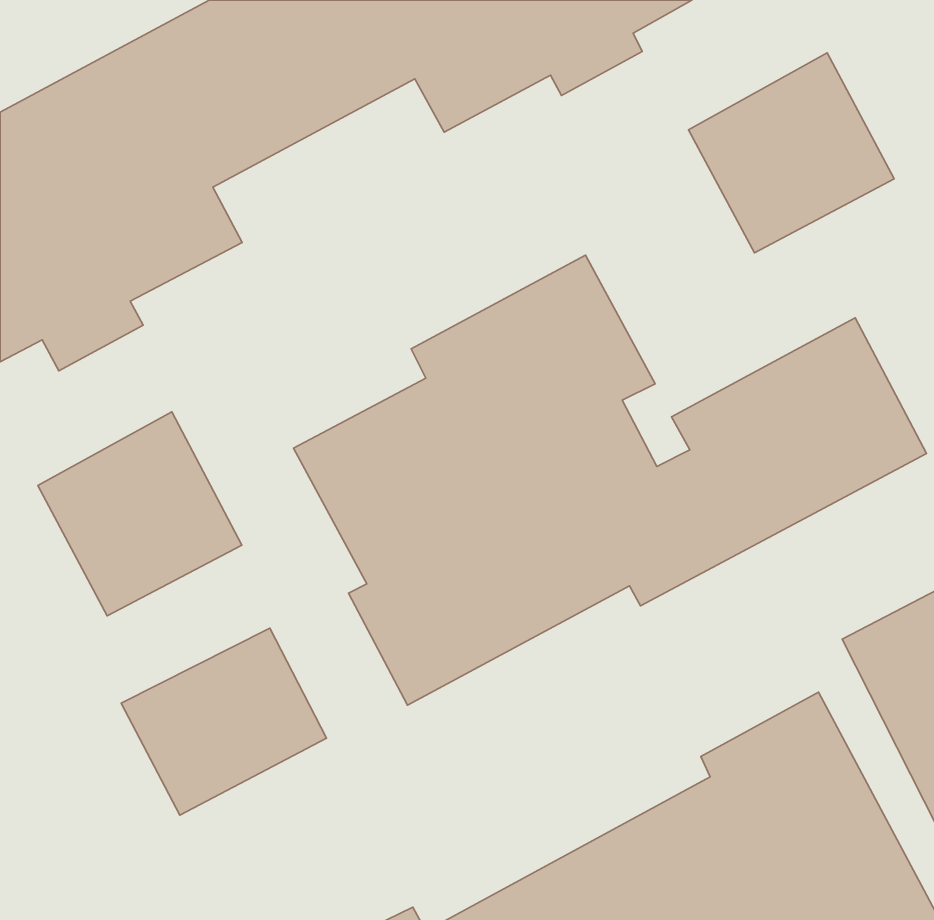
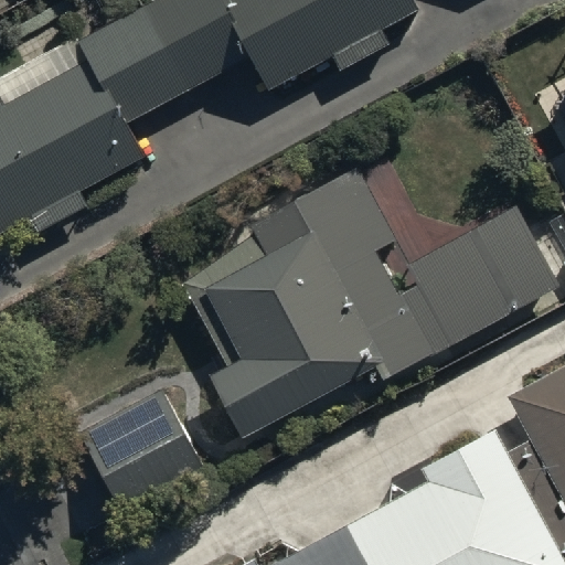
building: [688,53,894,253] -> none
building: [38,412,242,616] -> none

